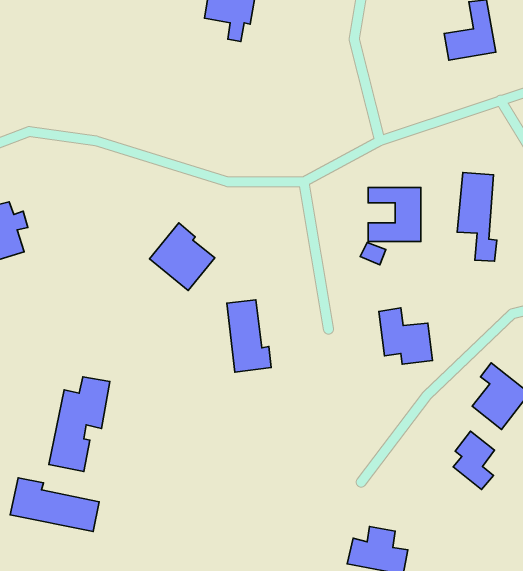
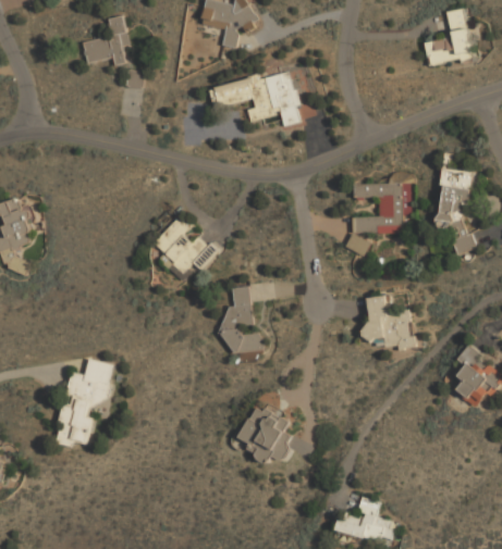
building: none -> [83,16,130,65]
building: none -> [211,71,302,126]
building: none -> [238,405,293,462]
building: [453,431,495,490] -> none
building: [10,478,99,532] -> none

